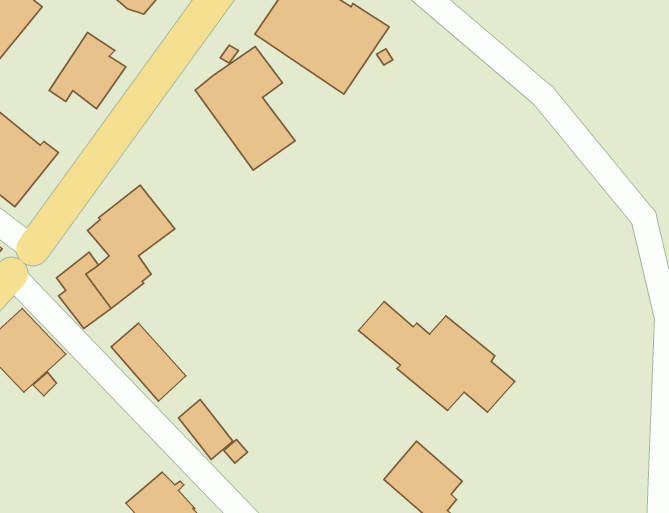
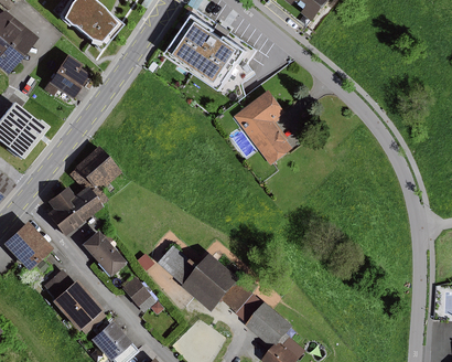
building: [195,46,295,170] -> [233,89,293,164]
building: [359,301,515,412] -> [158,245,252,312]
building: none -> [42,268,104,334]

